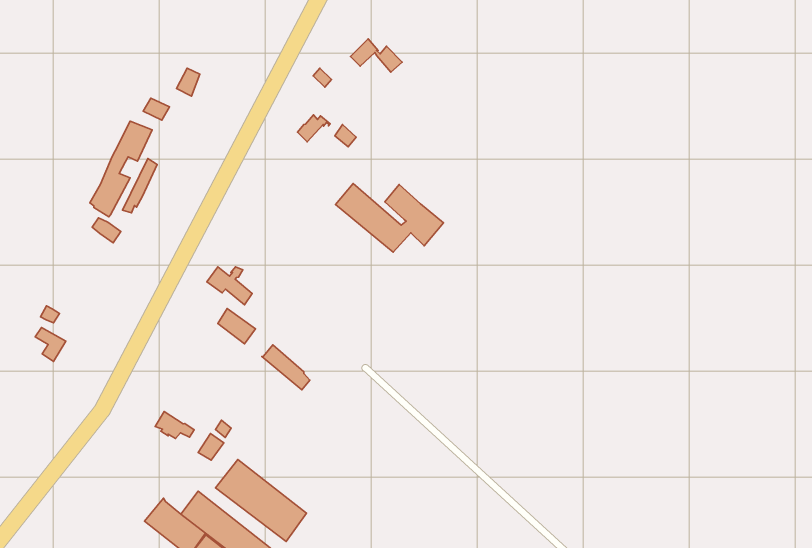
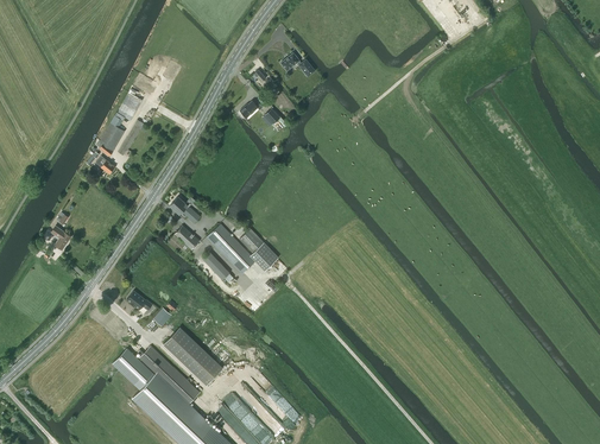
building: [336,184,443,252] -> [206,224,277,273]

